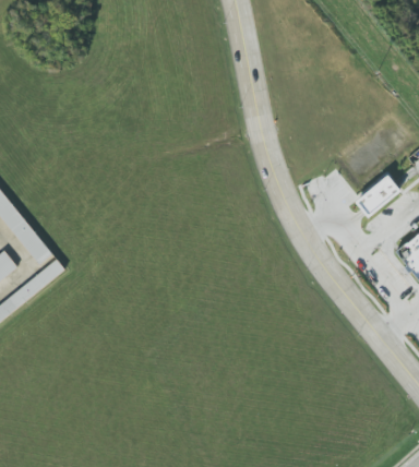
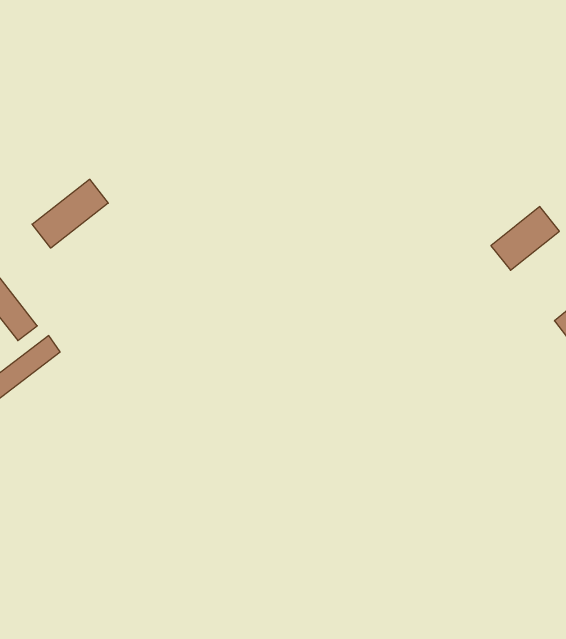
building: none -> [32,179,108,248]

